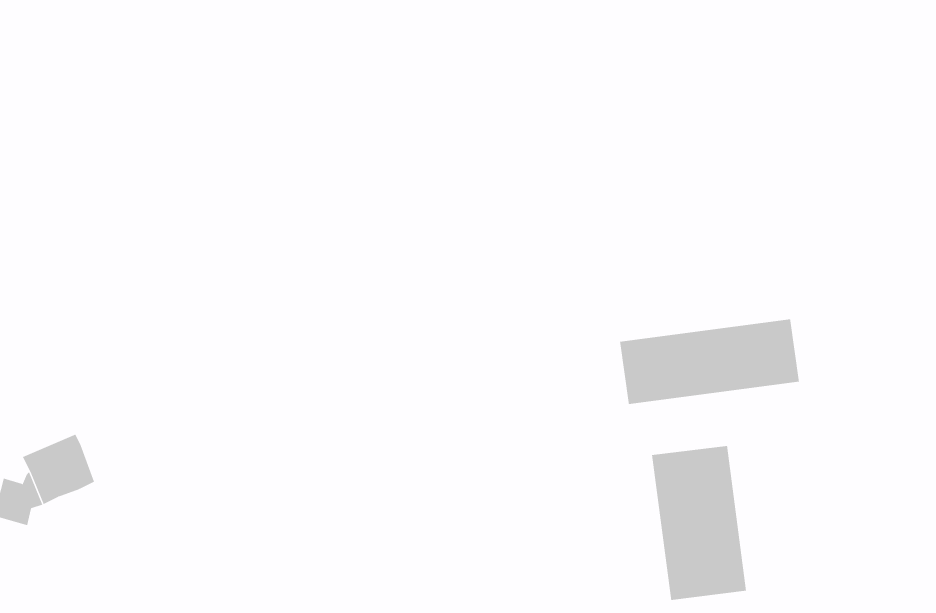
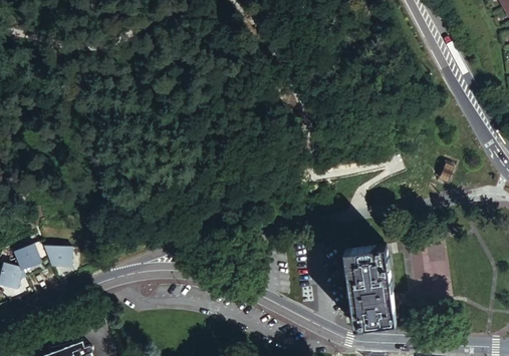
building: [619,319,799,405] -> none
building: none -> [45,245,72,265]

